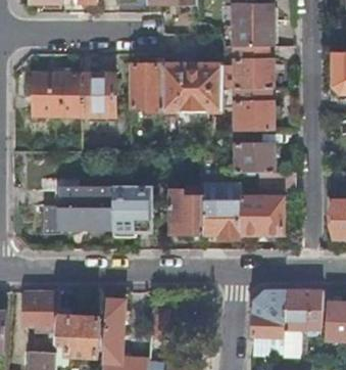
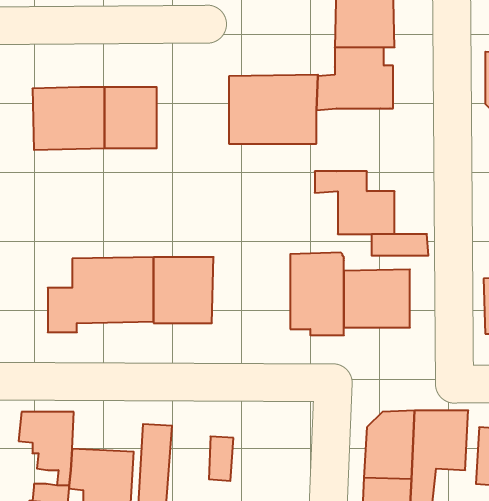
building: [131,65,163,111] -> none
building: [221,88,274,130] -> none
building: [169,190,204,235] -> none

